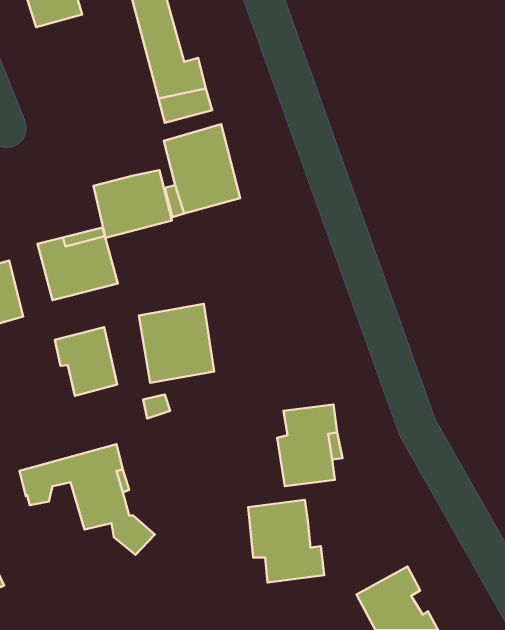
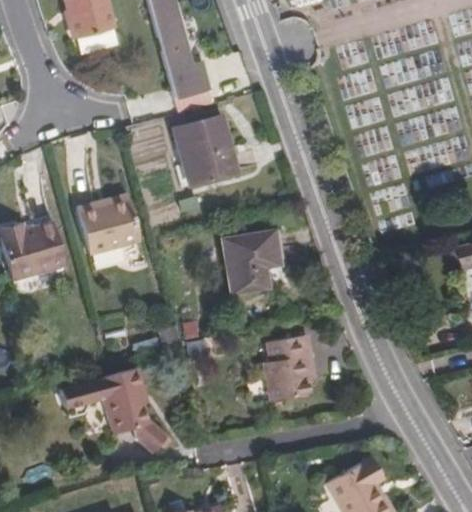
building: [93,170,172,238] -> none
building: [139,304,214,383] -> [225,232,284,294]
building: [55,327,117,396] -> none
building: [248,500,324,583] -> none

